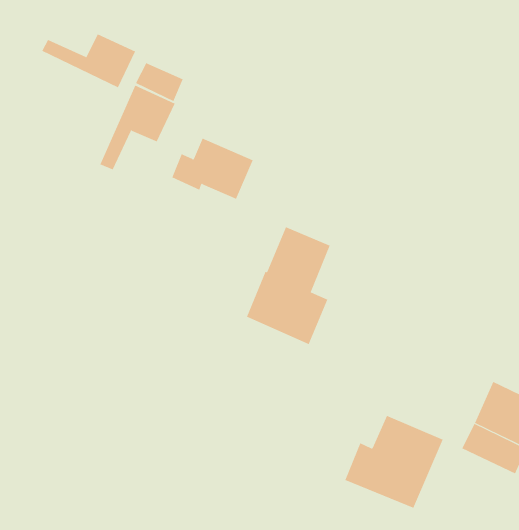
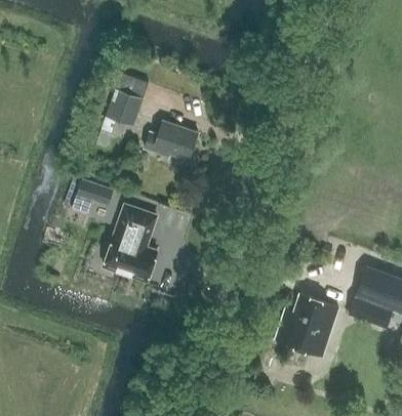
building: [42,33,136,88] -> none
building: none -> [72,176,114,214]
building: [246,227,330,345] -> [104,204,157,281]

